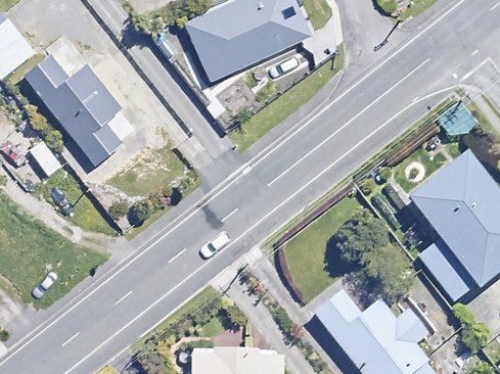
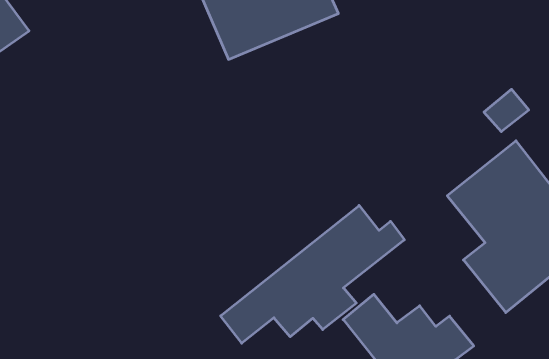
building: [20,40,134,166] -> none
building: none -> [221,205,404,343]

